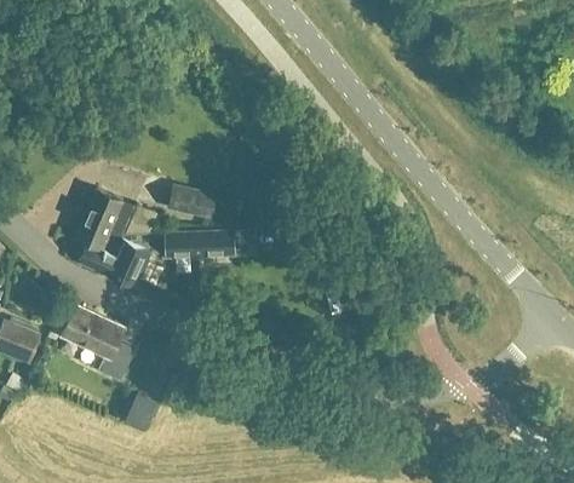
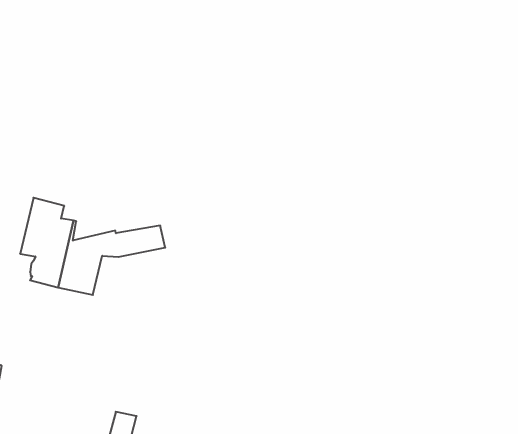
building: [168,184,218,219] -> none
building: [62,305,132,378] -> none

